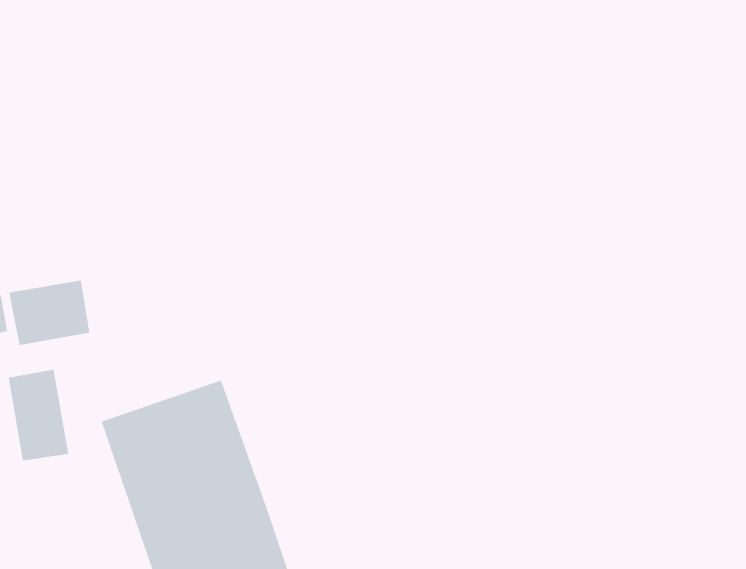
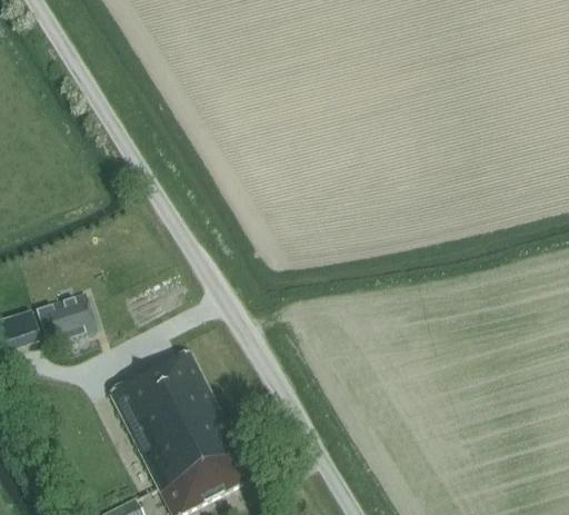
building: [8,369,69,461] -> none

